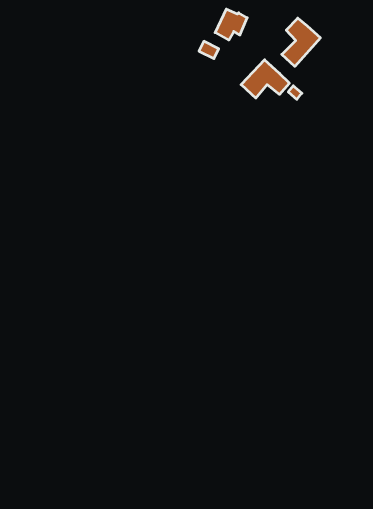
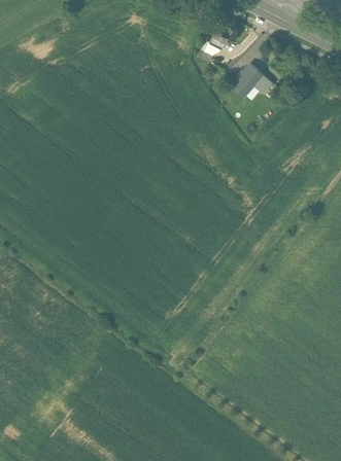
building: [282,18,320,66] -> none

